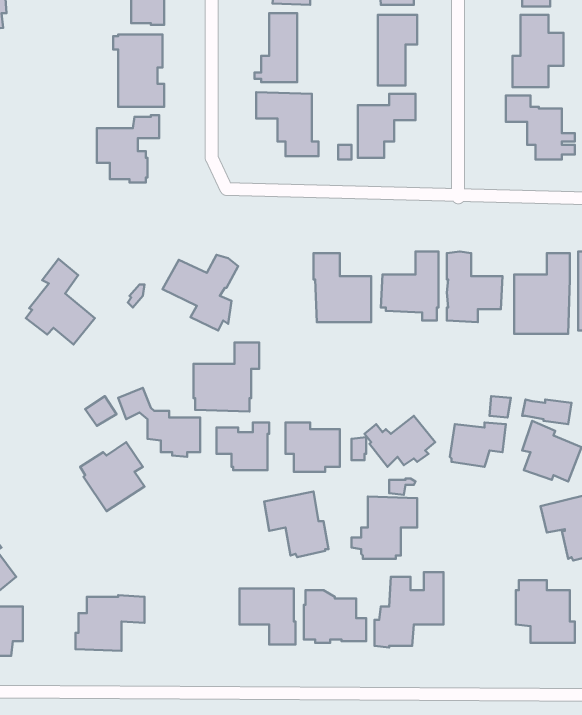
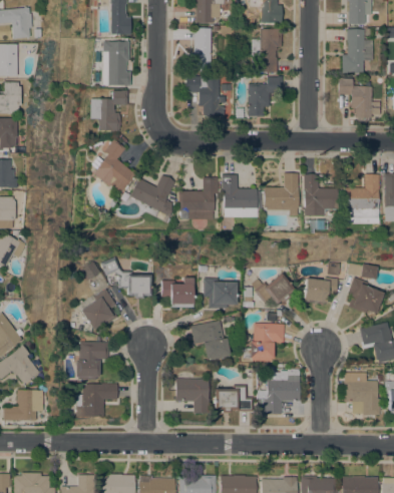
building: [26,259,95,344] -> [92,138,134,190]
building: [193,342,259,411] -> [177,177,218,219]
building: none -> [74,342,107,380]

